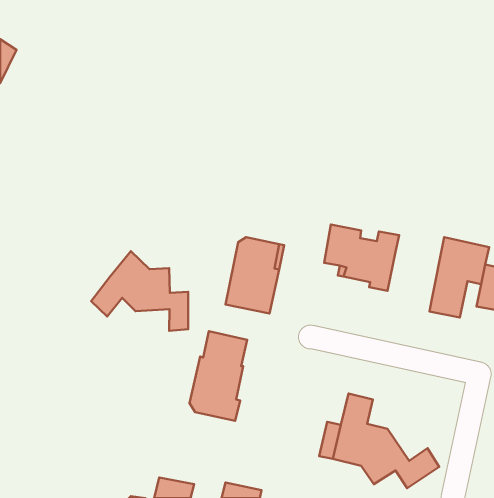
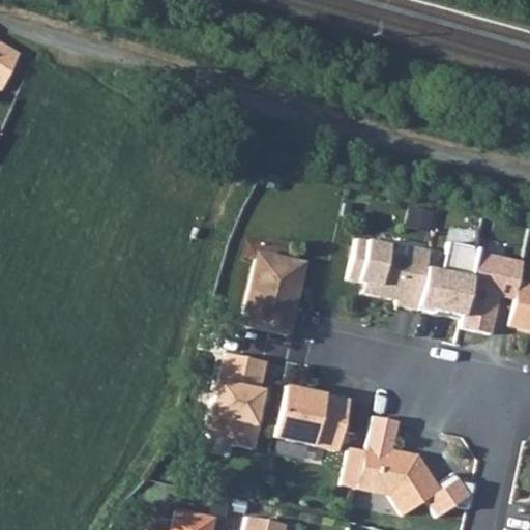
building: none -> [416,243,476,319]
building: [91,251,188,331] -> none
building: none -> [273,388,349,452]

